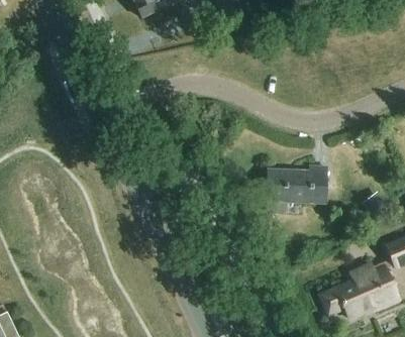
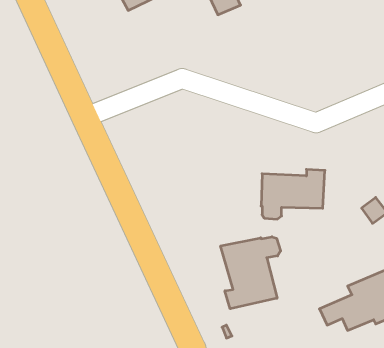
building: none -> [221,237,281,309]

